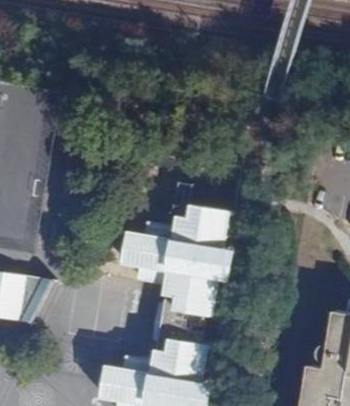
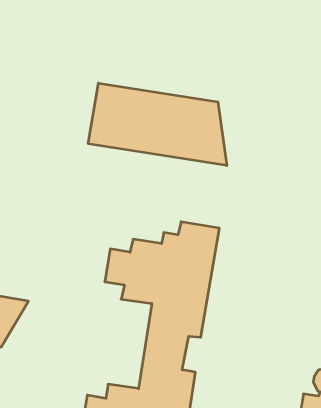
building: none -> [88,83,227,166]

